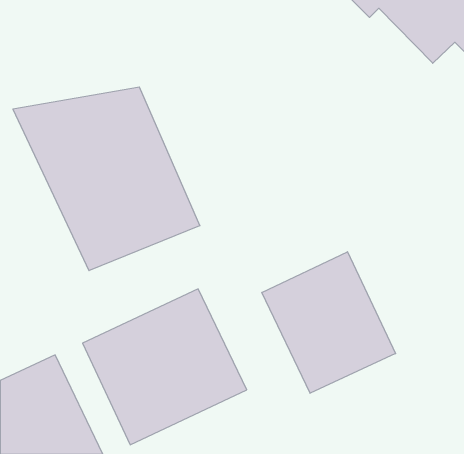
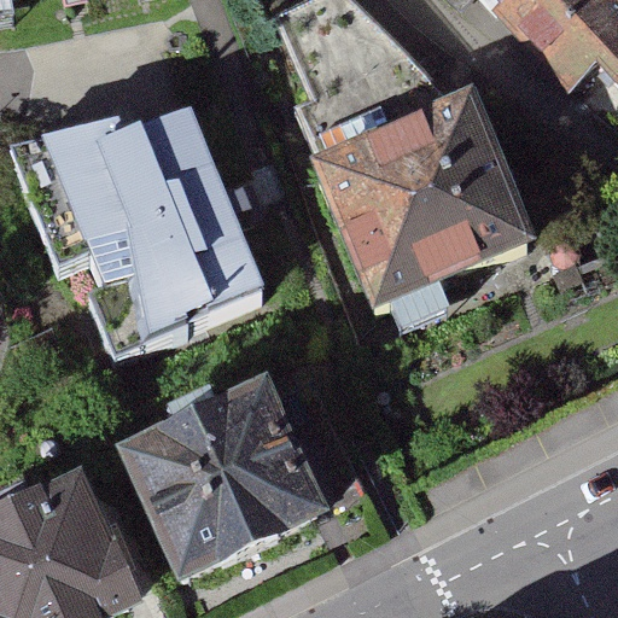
building: none -> [310,92,536,313]
building: [262,252,396,393] -> none

